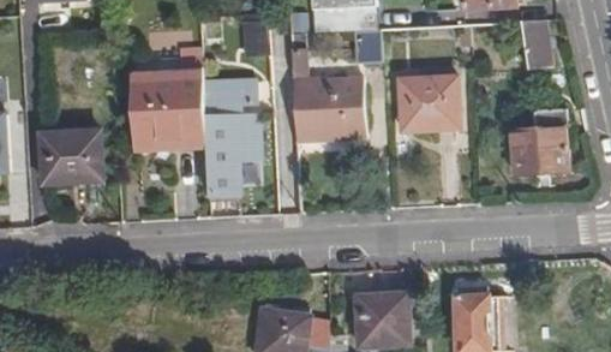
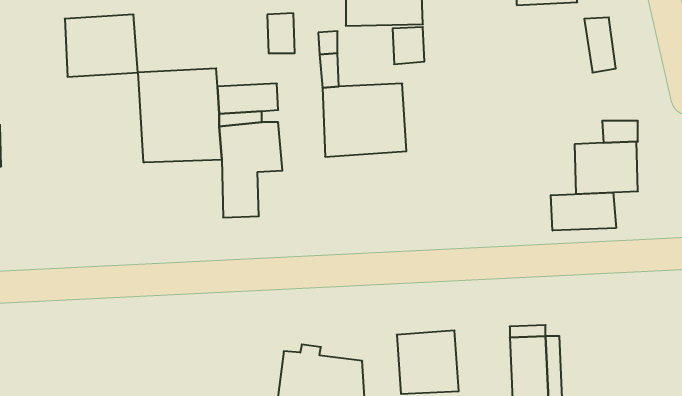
building: [400,78,457,132] -> none
building: [37,130,101,184] -> [65,15,138,77]
building: none -> [551,192,616,231]

